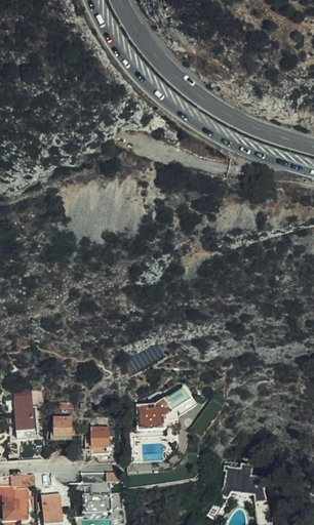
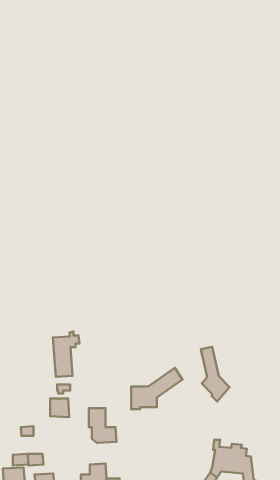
building: none -> [201,347,230,402]
building: [14,390,42,437] -> [53,332,79,377]

